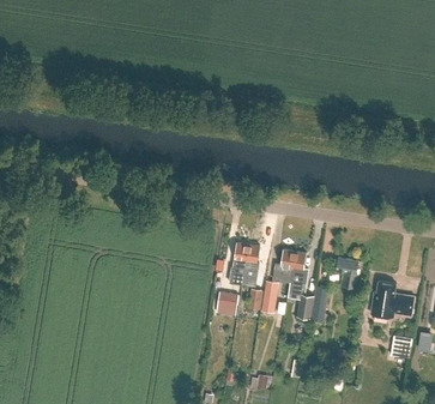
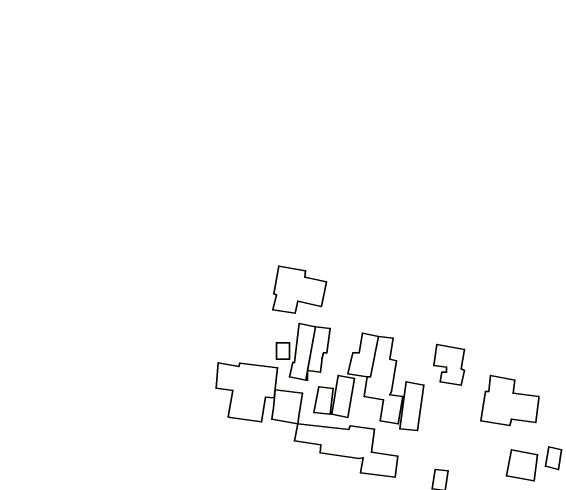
building: none -> [273,266,327,313]
building: none -> [216,363,278,422]
building: none -> [294,424,398,477]

